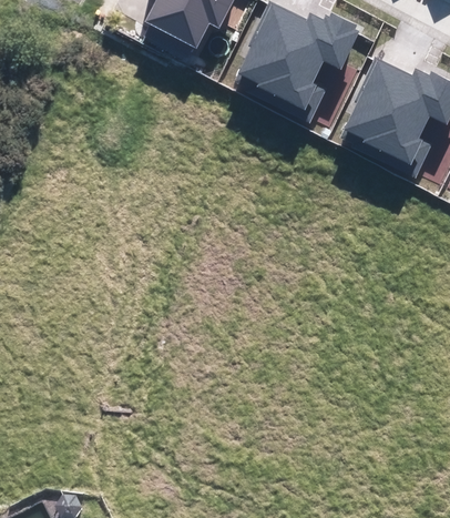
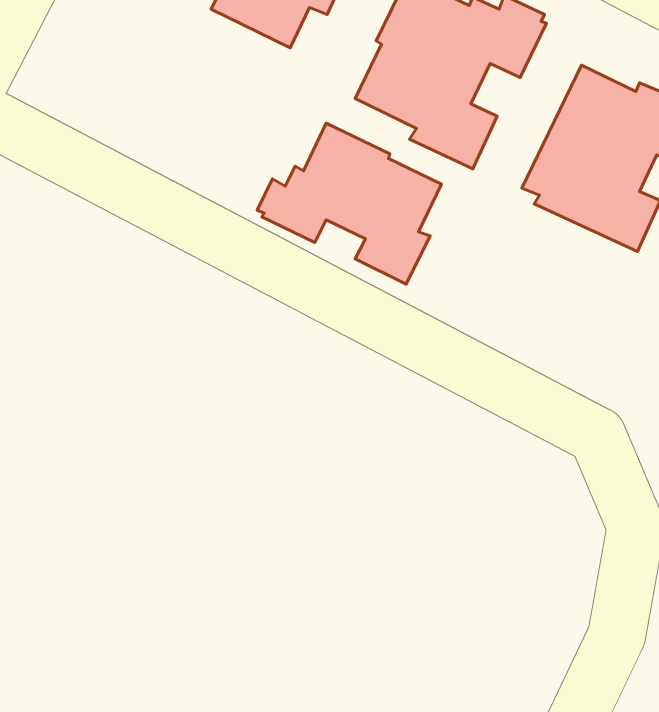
building: none -> [257,123,442,284]

